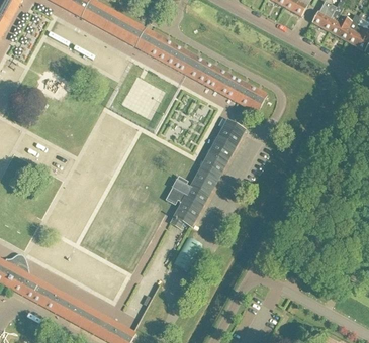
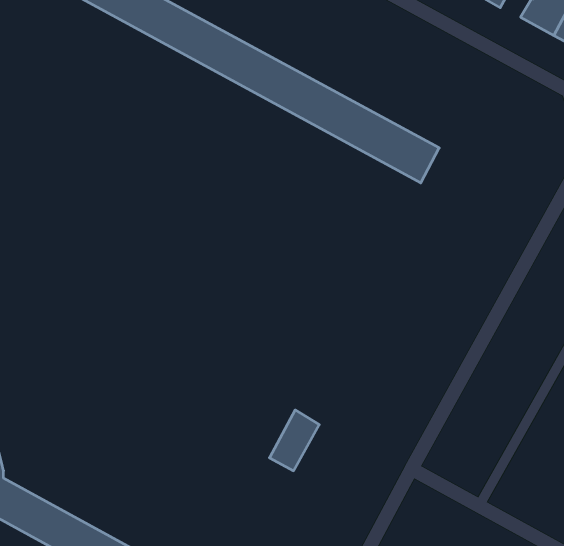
building: [164,120,244,228] -> none

